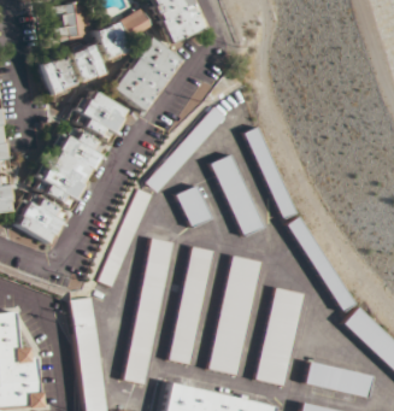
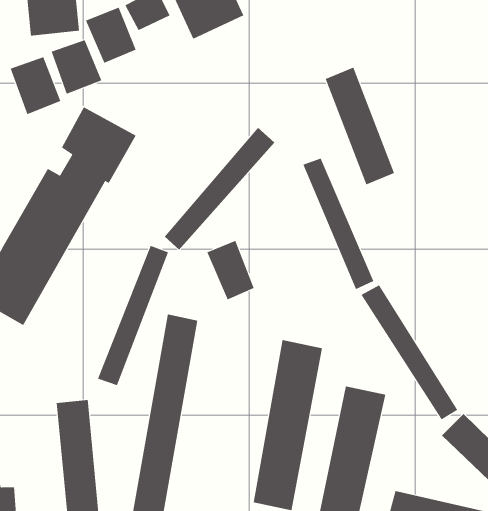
building: [110,35,178,111] -> none
building: [212,153,261,236] -> [325,67,395,185]
building: [170,246,213,364] -> none

